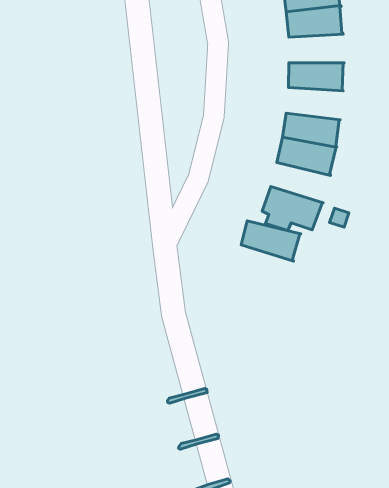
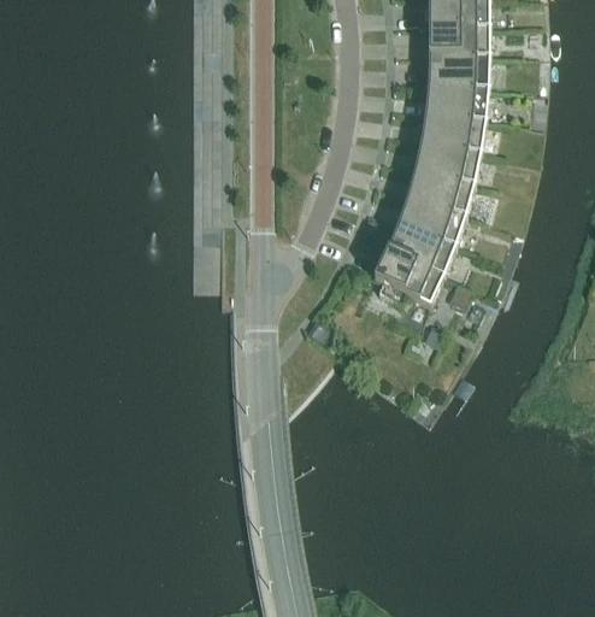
building: none -> [424,80,489,116]
building: none -> [414,136,482,180]
building: [241,221,301,261] -> [388,219,456,271]

